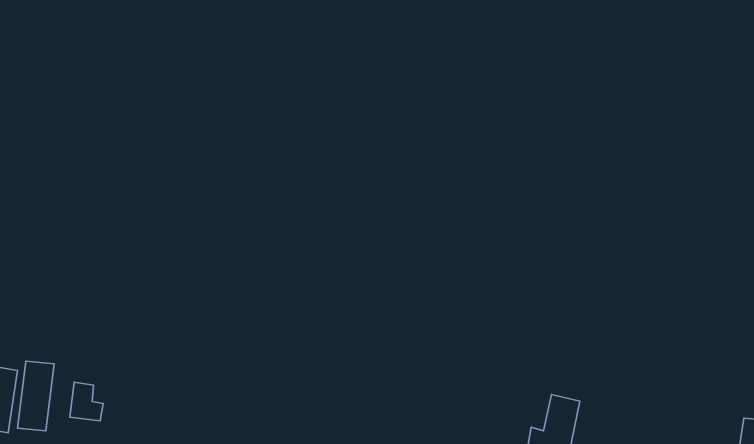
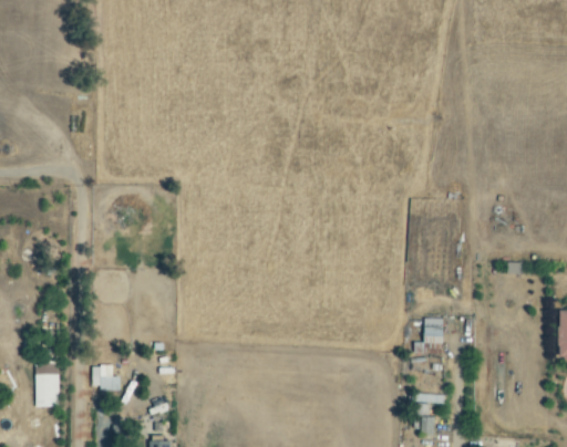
building: [17,361,54,431] -> none

